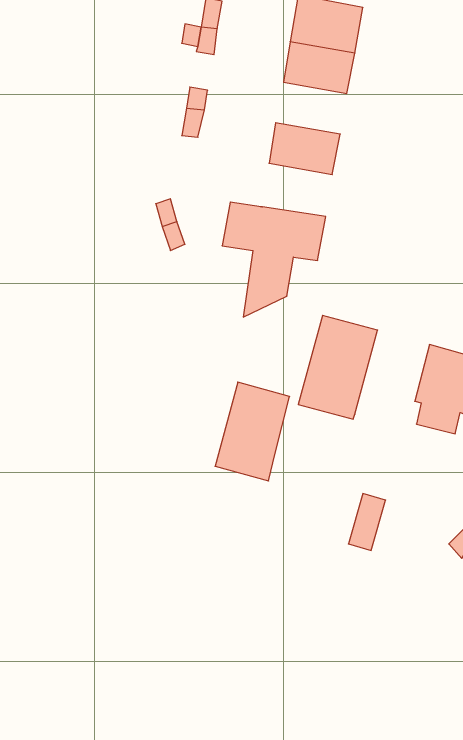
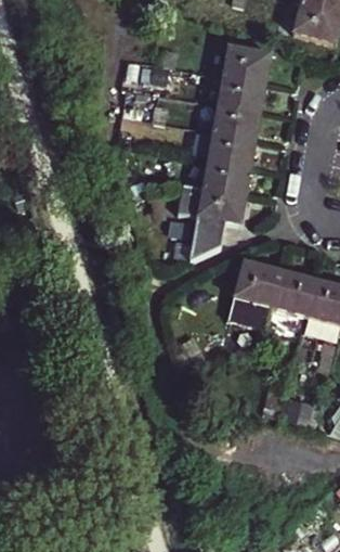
building: none -> [212,103,260,138]
building: none -> [204,157,250,193]
building: [215,382,290,481] -> [265,269,315,335]

